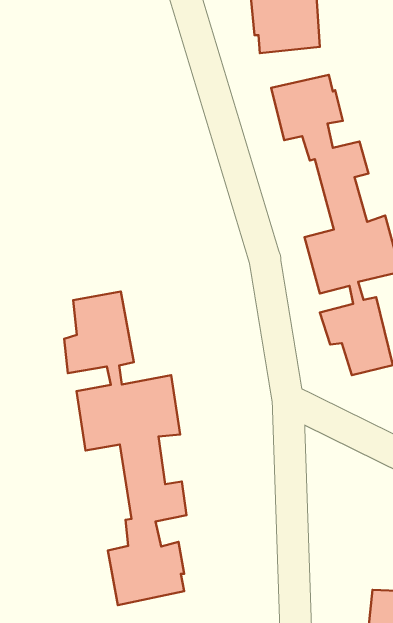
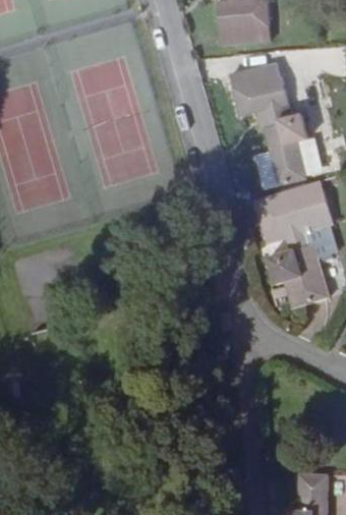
building: [64,291,187,605] -> none

